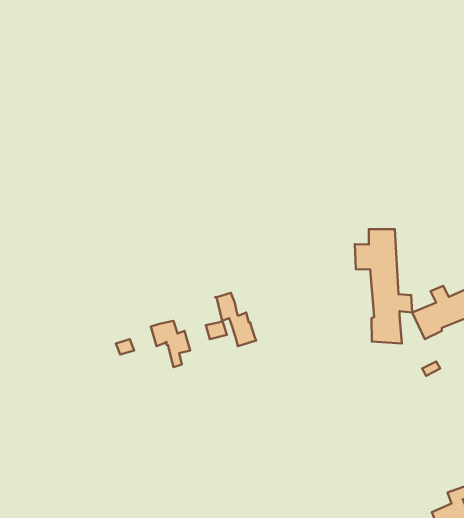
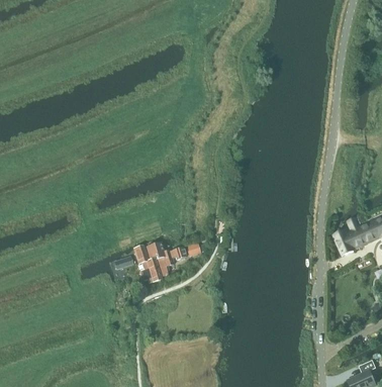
building: [355,229,412,343] -> none
building: [215,293,256,346] -> [132,244,162,282]

